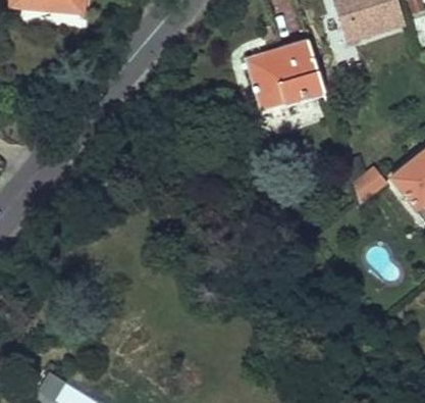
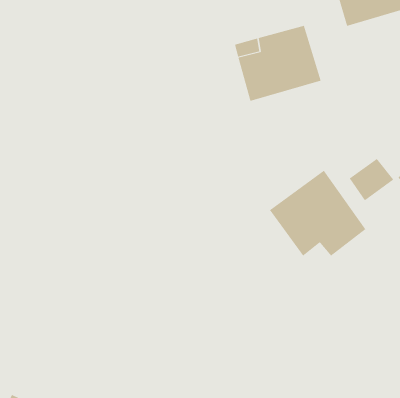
building: none -> [269,170,366,257]

